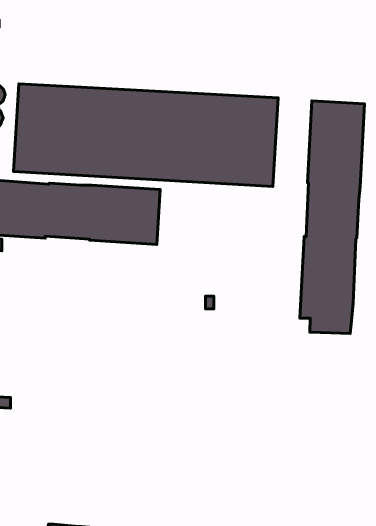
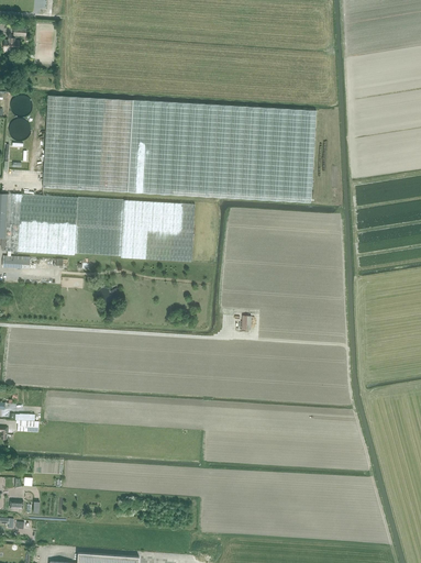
building: [300,101,364,334] -> none

